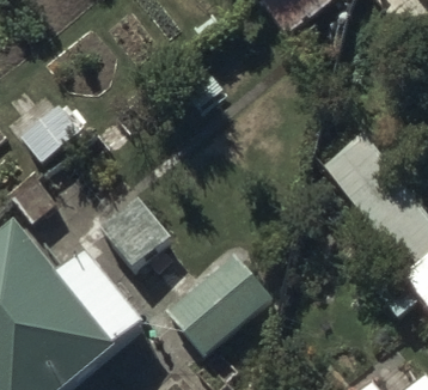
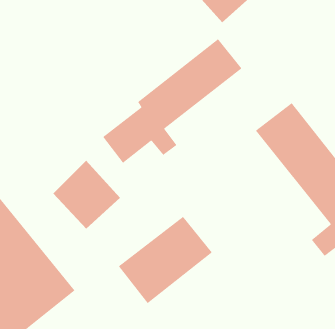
building: none -> [102,38,243,164]

